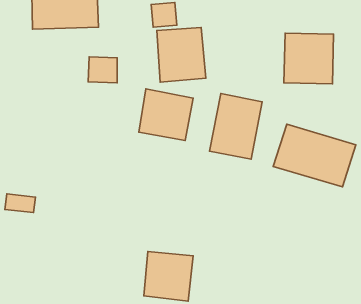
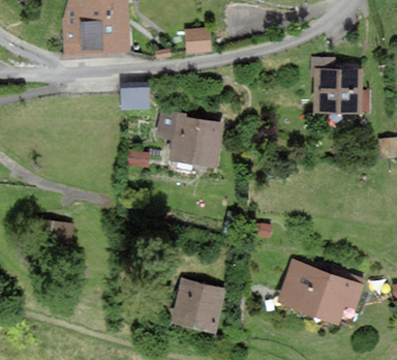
building: [157,28,206,82] -> none
building: [210,94,262,159] -> none
building: [273,124,356,187] -> [279,257,362,320]

